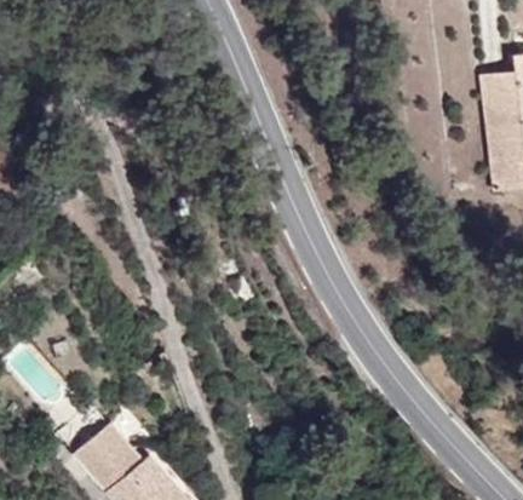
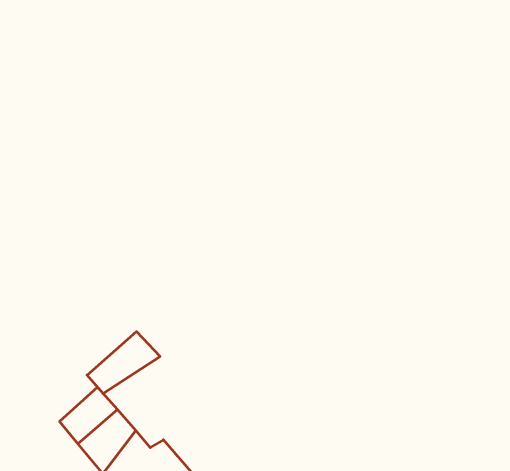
building: none -> [87,332,160,394]

